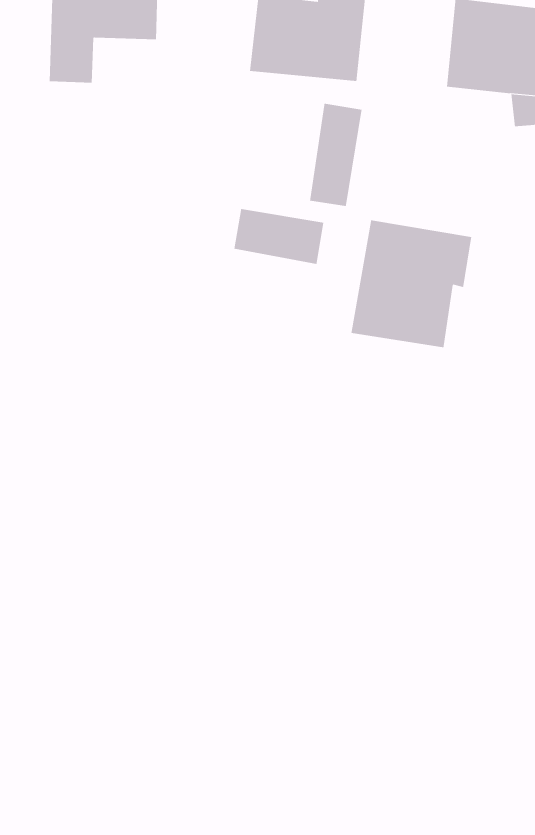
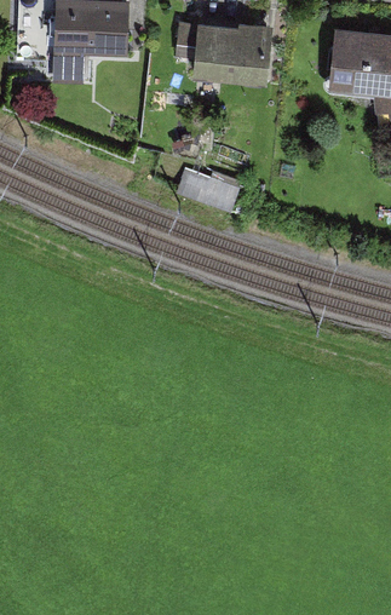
building: [309,103,362,207] -> none
building: [351,220,472,348] -> none

